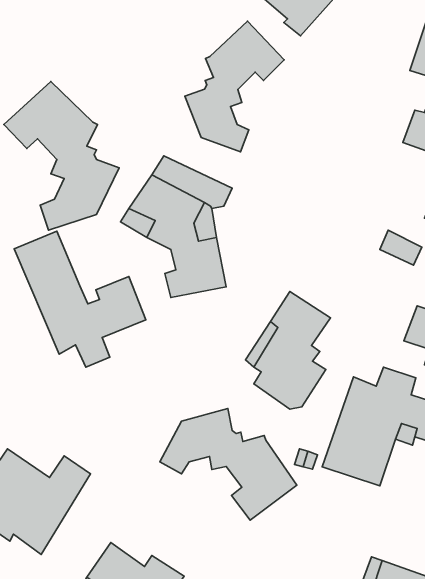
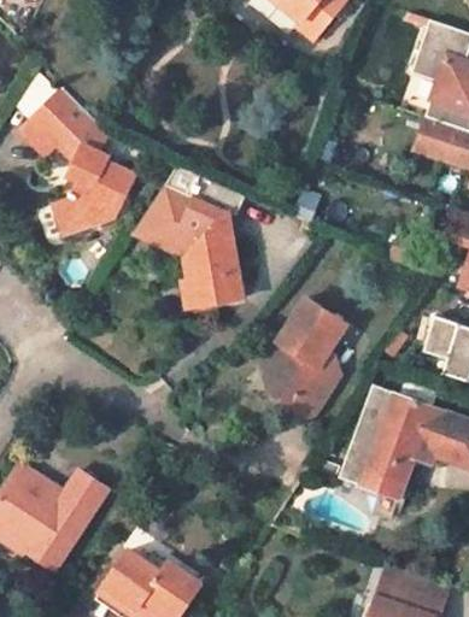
building: [185,21,284,152] -> none
building: [14,231,146,367] -> none
building: [160,409,297,520] -> none

